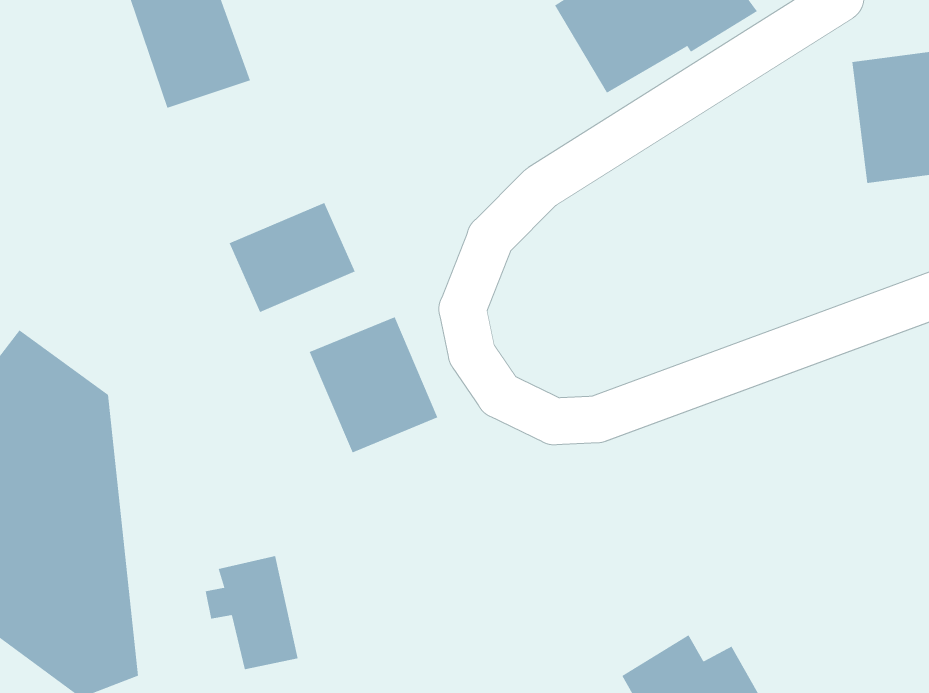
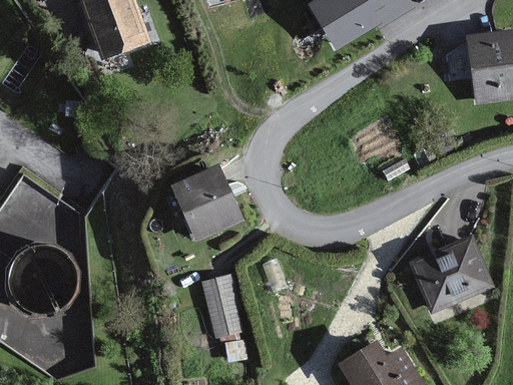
building: [229,202,355,313] -> none
building: none -> [410,234,489,307]
building: [205,556,298,670] -> [193,278,243,339]

